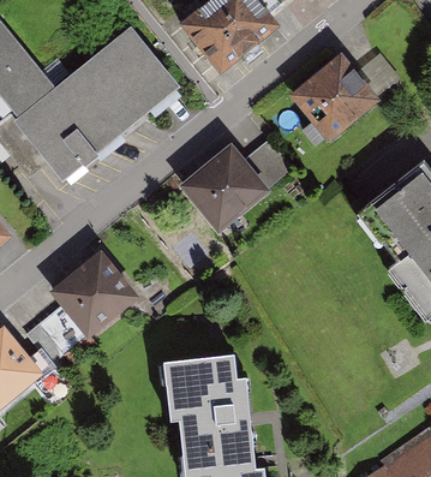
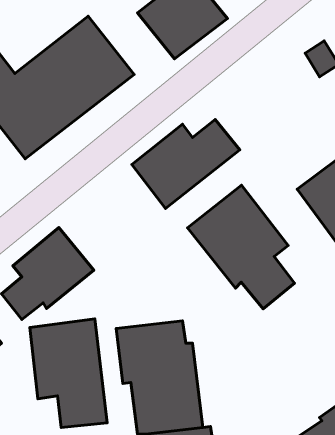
building: [289,58,375,143] -> none
building: none -> [188,185,295,309]
building: none -> [30,319,107,428]

